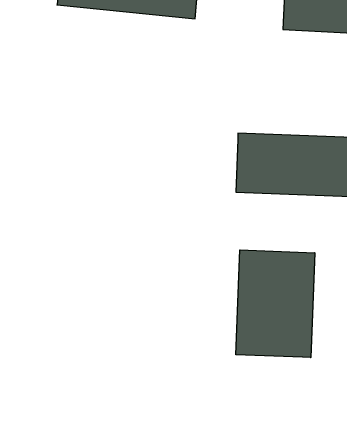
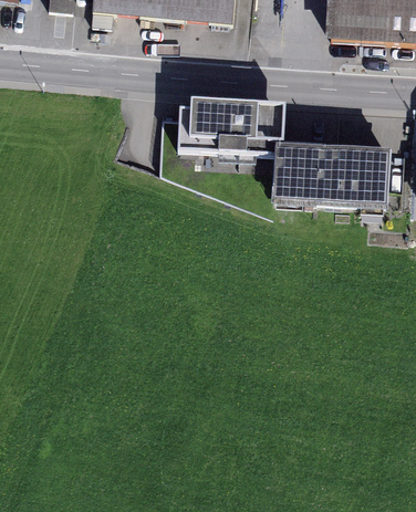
building: none -> [179,98,275,150]
building: [236,250,315,358] -> none

